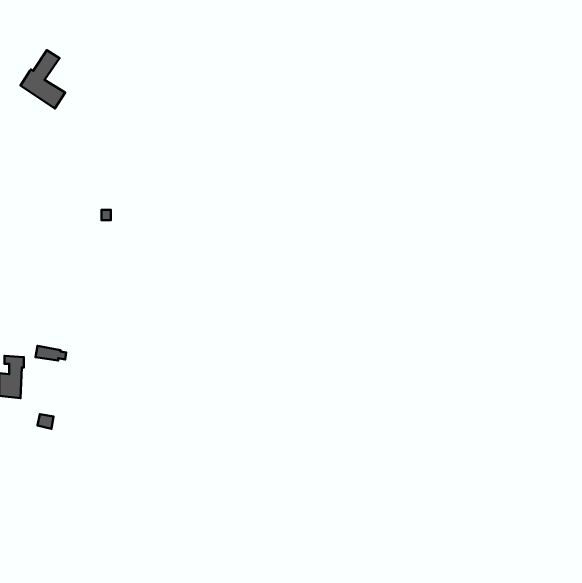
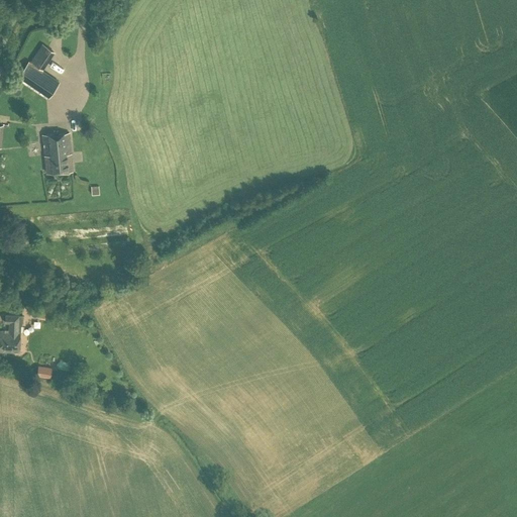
building: none -> [41,132,71,173]

